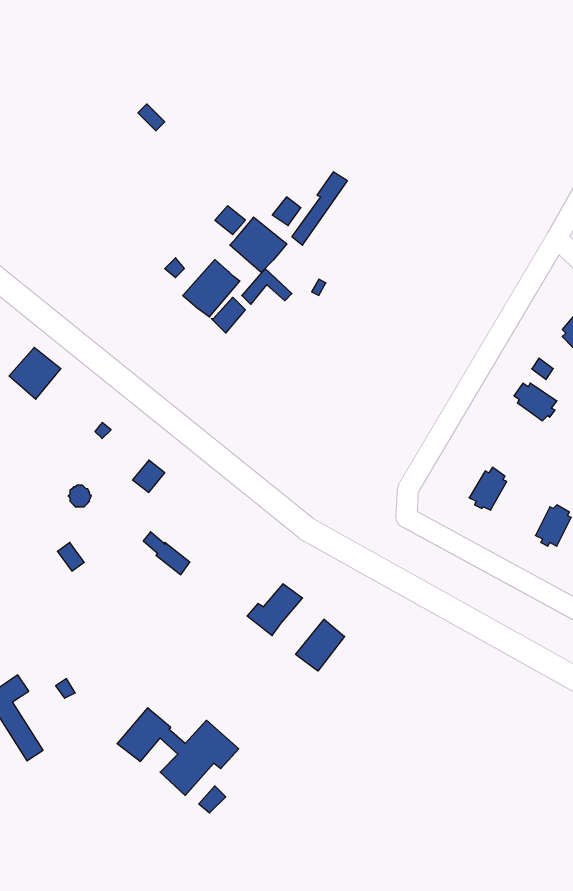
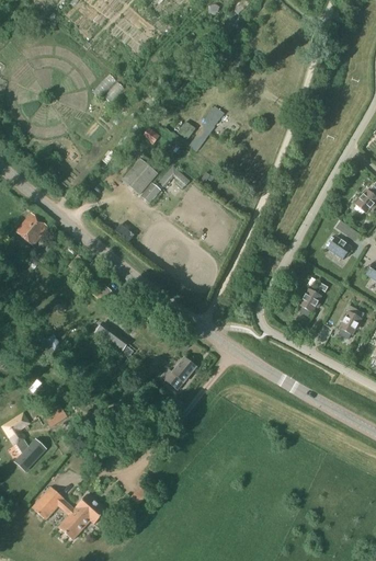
building: [230,217,287,272] -> none
building: [296,619,345,671] -> none
building: [117,708,239,795] -> [32,486,106,540]

